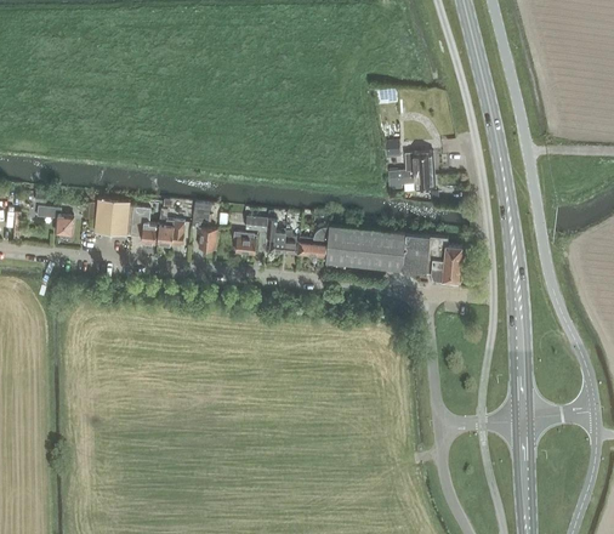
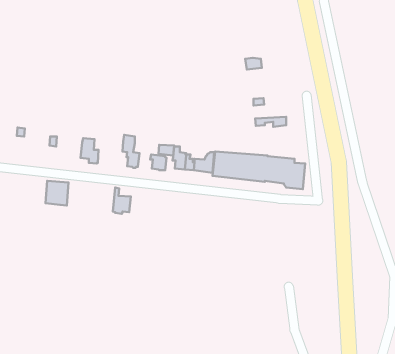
building: [388,152,434,178] -> none
building: [95,200,129,237] -> [45,181,68,206]
building: [36,206,74,235] -> none
building: [158,209,184,248] -> [113,188,131,214]

